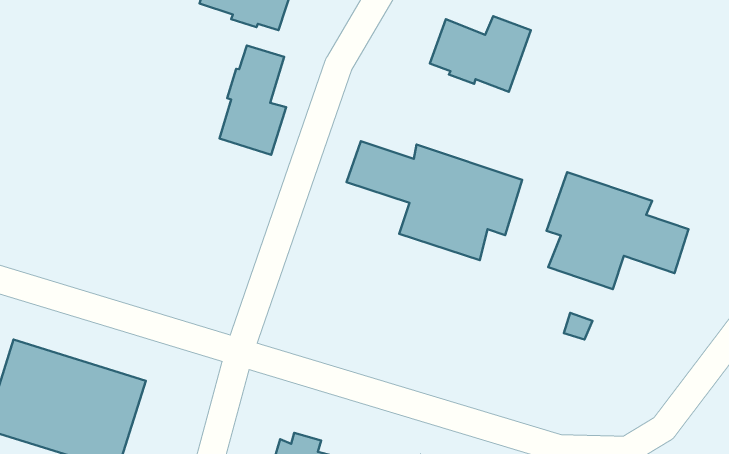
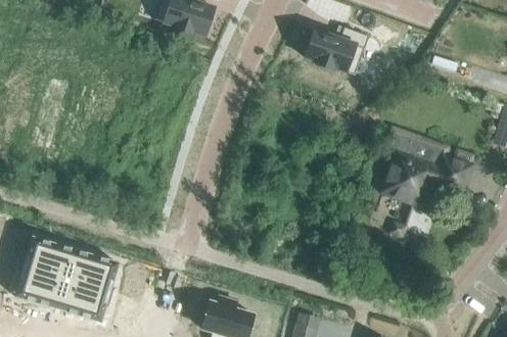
building: [220,45,286,155] -> none
building: [347,141,522,260] -> none

